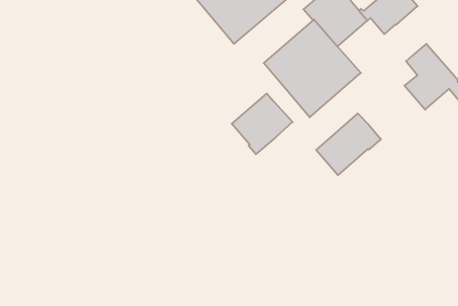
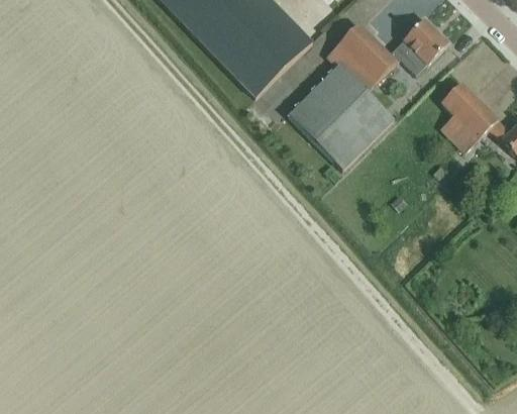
building: [232,94,293,154] -> none
building: [316,113,381,175] -> none

